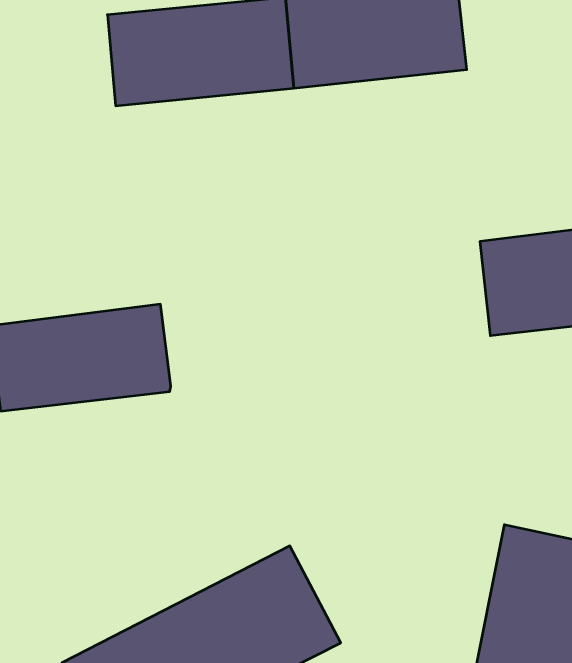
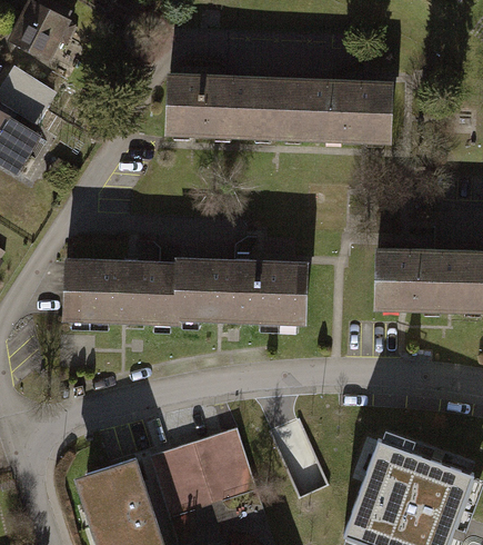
building: none -> [174,257,306,320]

